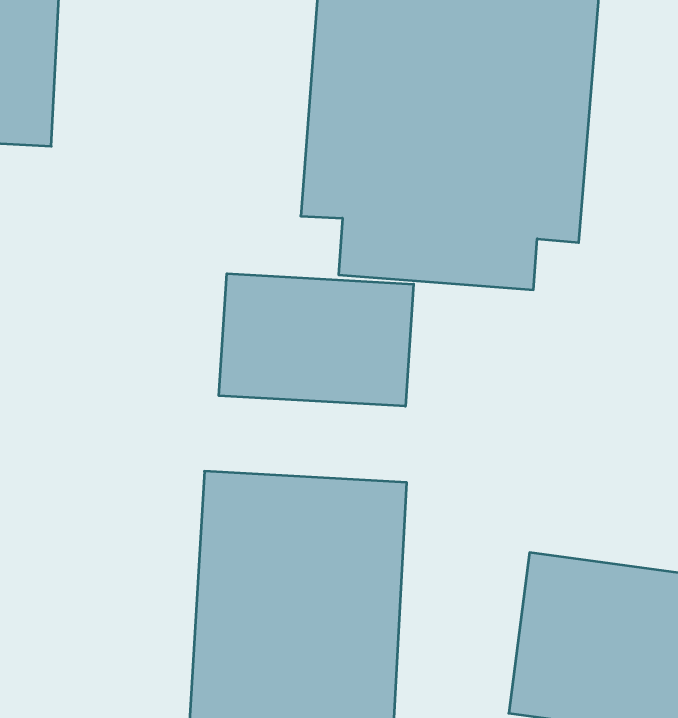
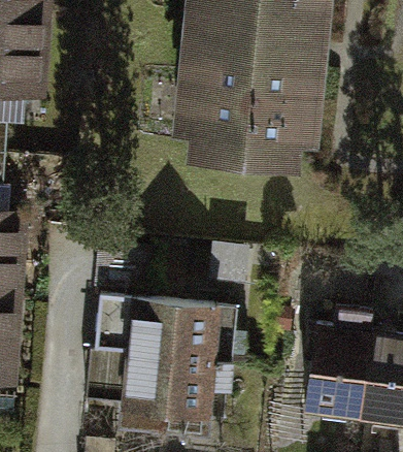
building: [219,274,414,406] -> none

